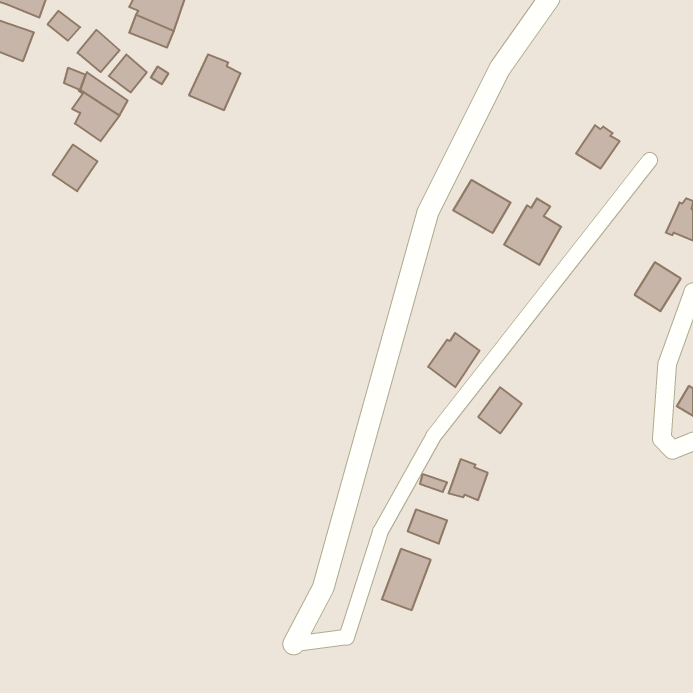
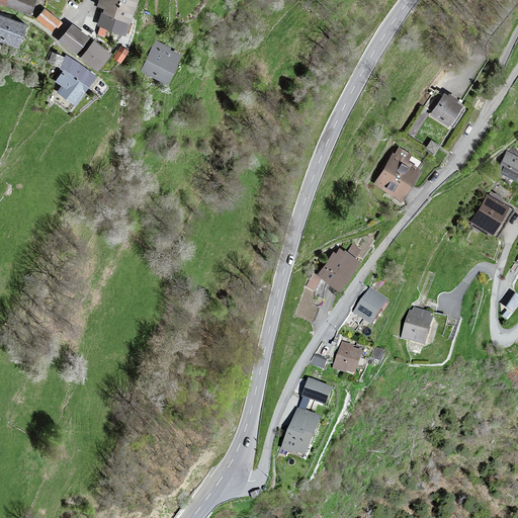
building: [53,145,97,191] -> none
building: [453,180,511,233] -> none
building: none -> [403,309,432,343]

